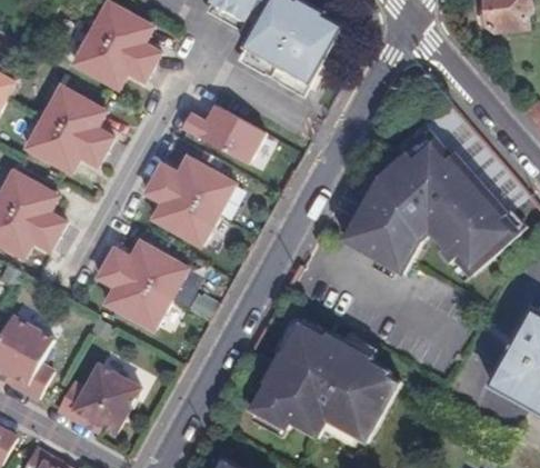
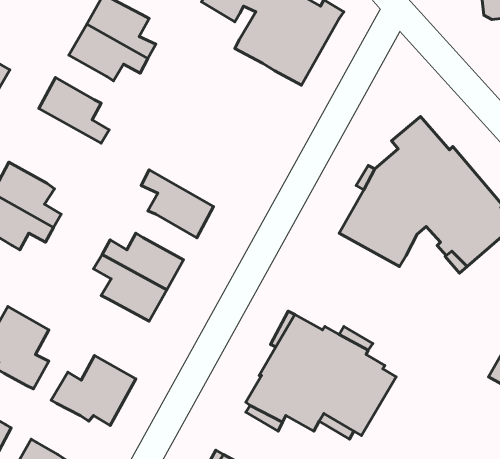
building: [180,104,263,163] -> none
building: [24,116,104,171] -> none
building: [152,156,234,213] -> none

